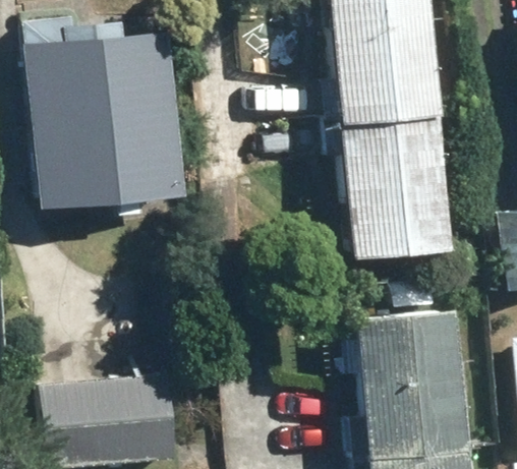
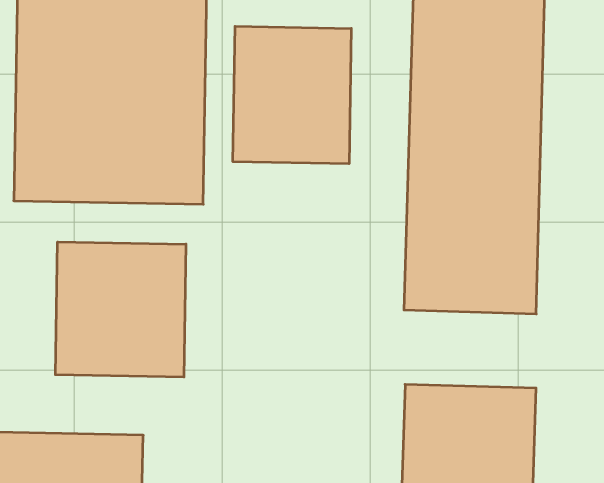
building: none -> [233,26,351,164]
building: none -> [55,242,186,377]

